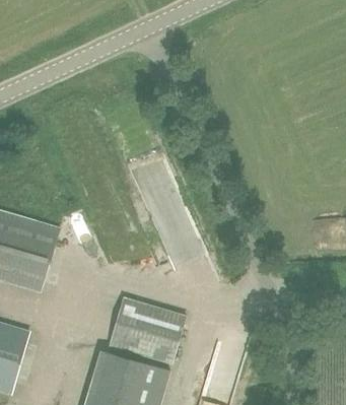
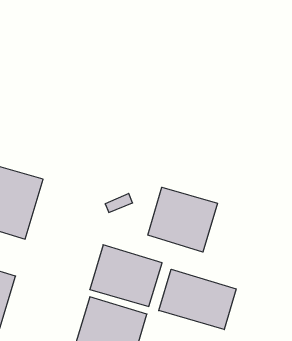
building: none -> [148,187,218,252]
building: none -> [159,269,236,330]

